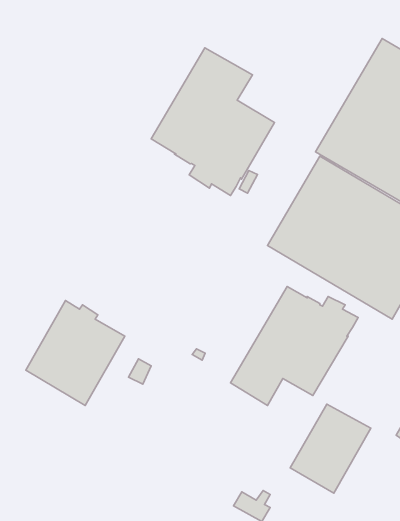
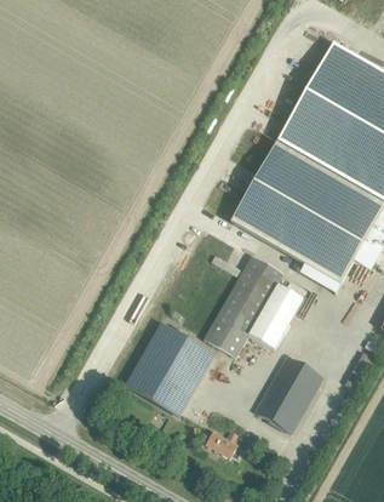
building: [151,48,274,196] -> none
building: [26,301,125,405] -> [127,324,212,413]

